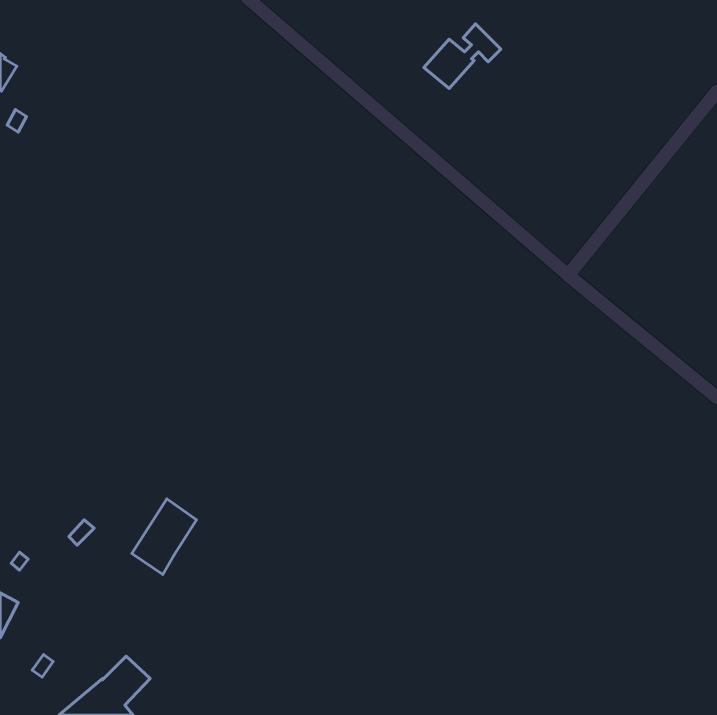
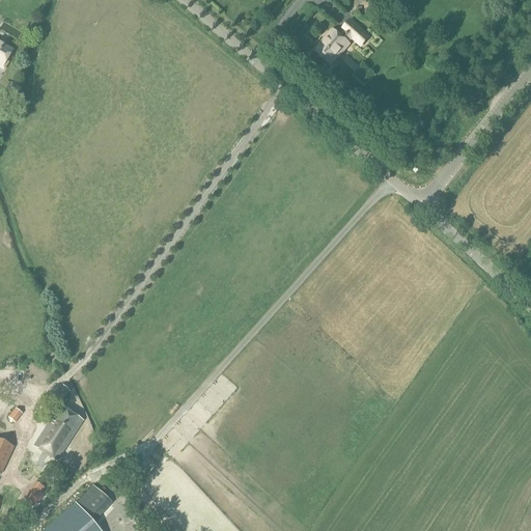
building: [132,499,196,575] -> [34,404,82,460]

